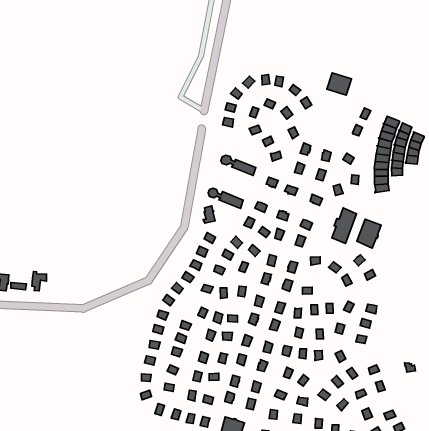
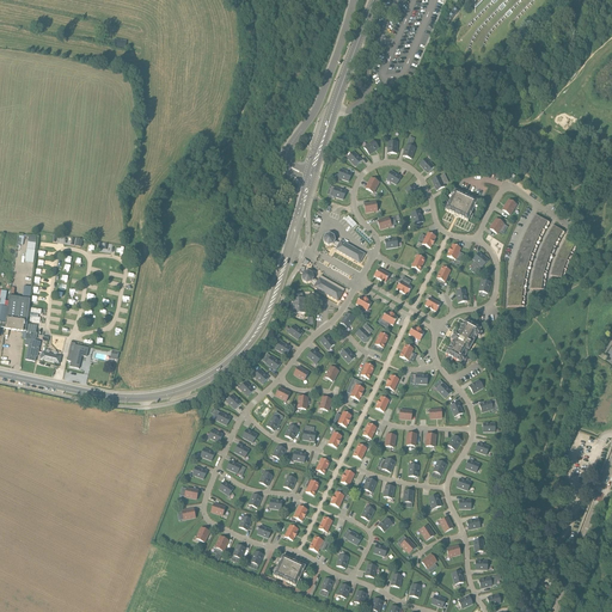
building: [327,73,351,95] -> [445,189,477,219]
building: [357,219,381,248] -> none

